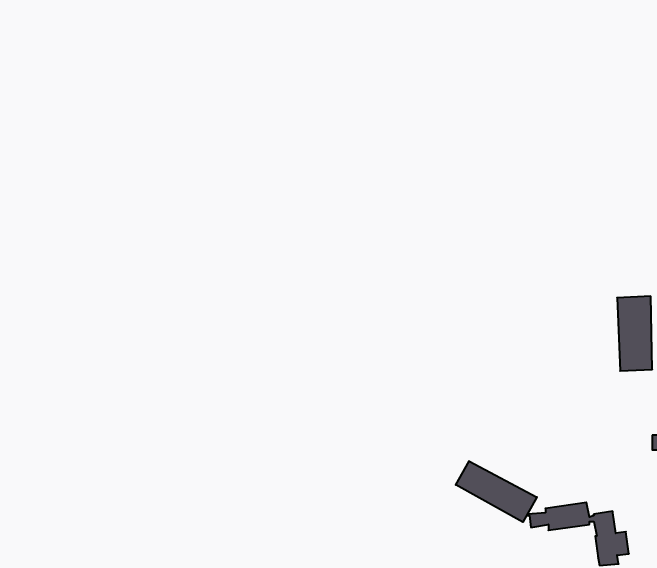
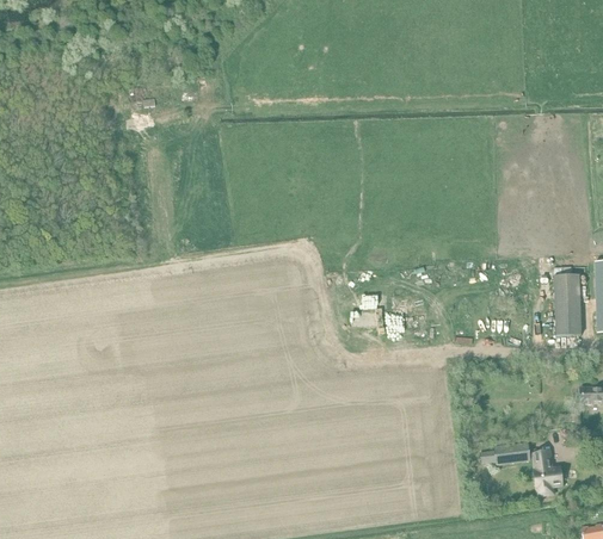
building: [456,461,537,522] -> none

